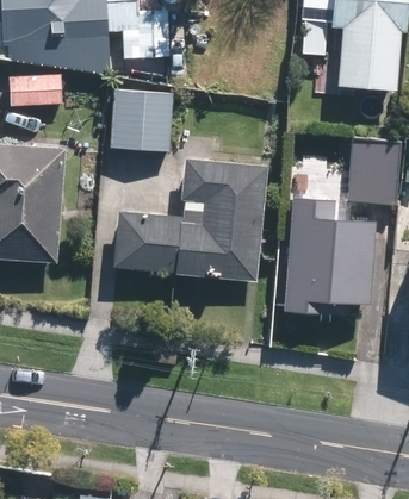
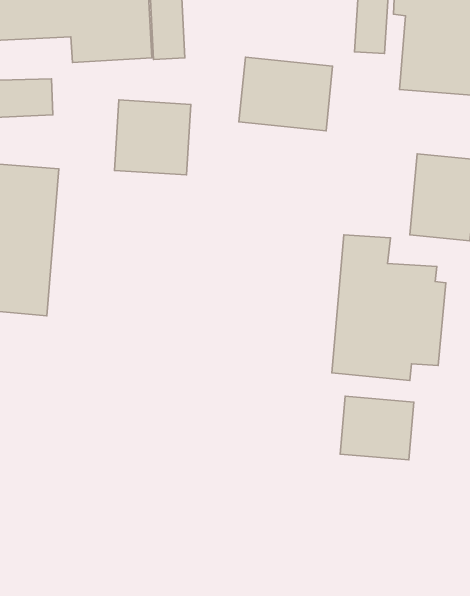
building: none -> [239,57,333,131]
building: [113,158,267,283] -> none
building: none -> [340,396,414,460]

